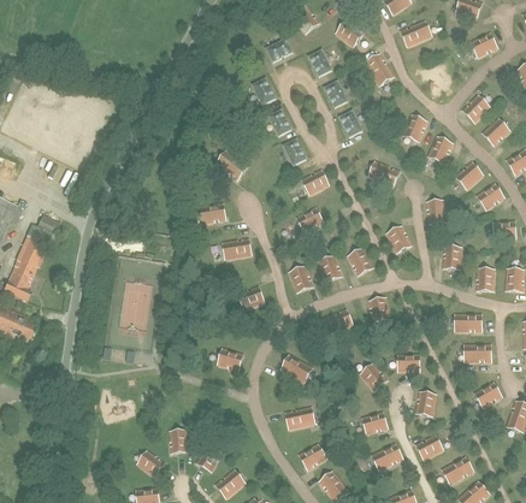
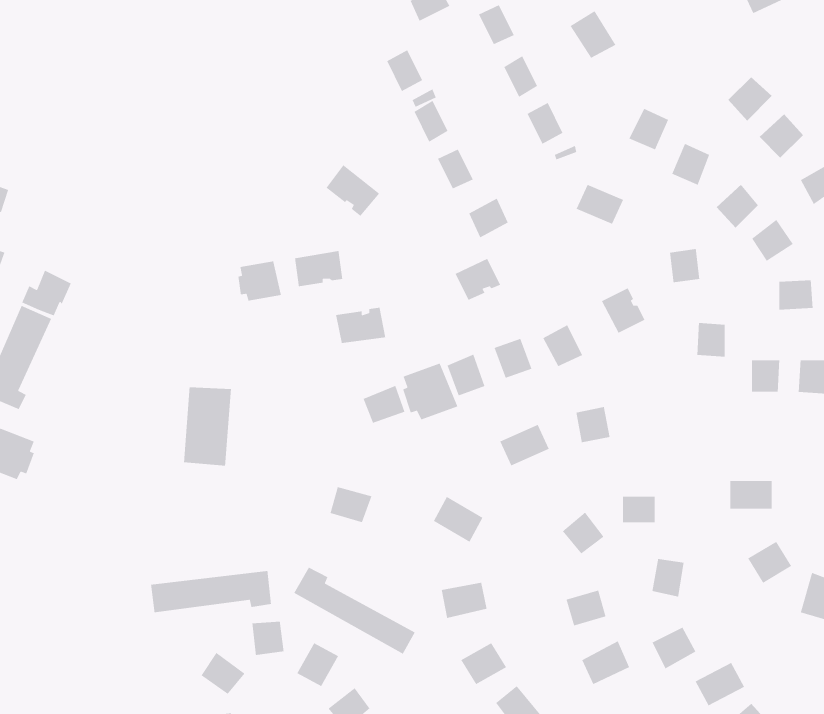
building: none -> [237,261,282,302]
building: none -> [402,363,458,420]
building: [453,314,481,333] -> none
building: none -> [293,567,416,655]
building: none -> [150,570,272,613]

